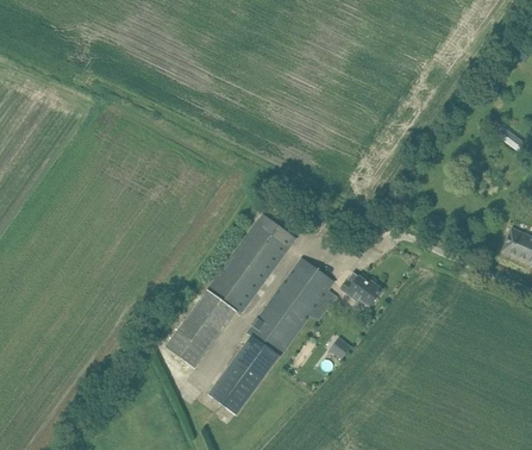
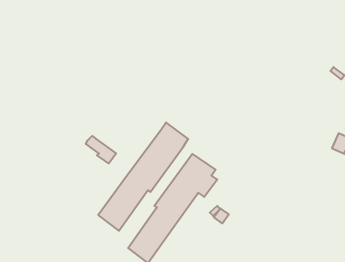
building: none -> [86,136,116,163]
building: [340,271,382,306] -> none

